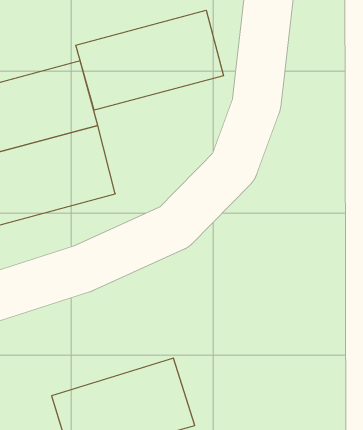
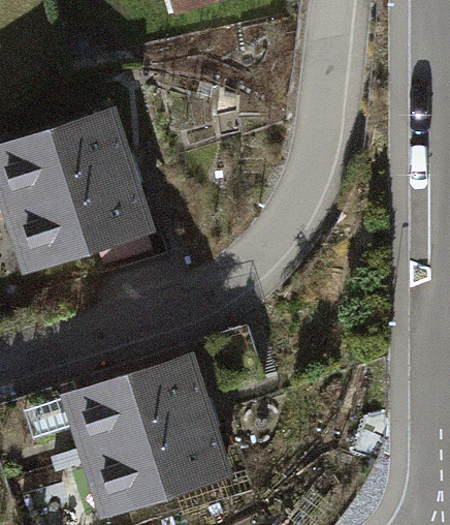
building: [76,10,224,110] -> none
building: none -> [59,352,218,466]

